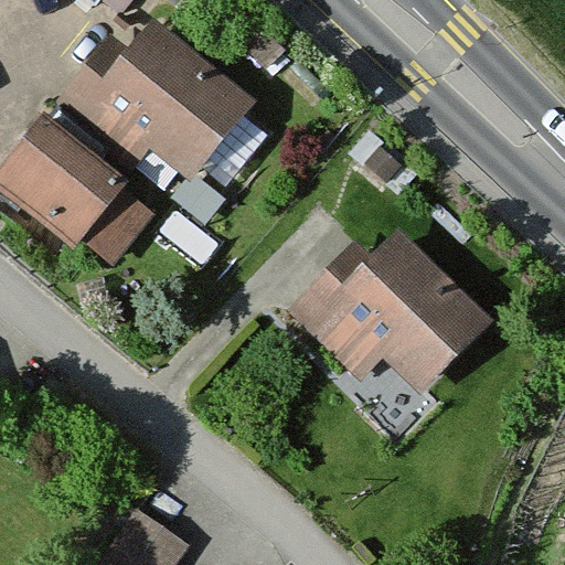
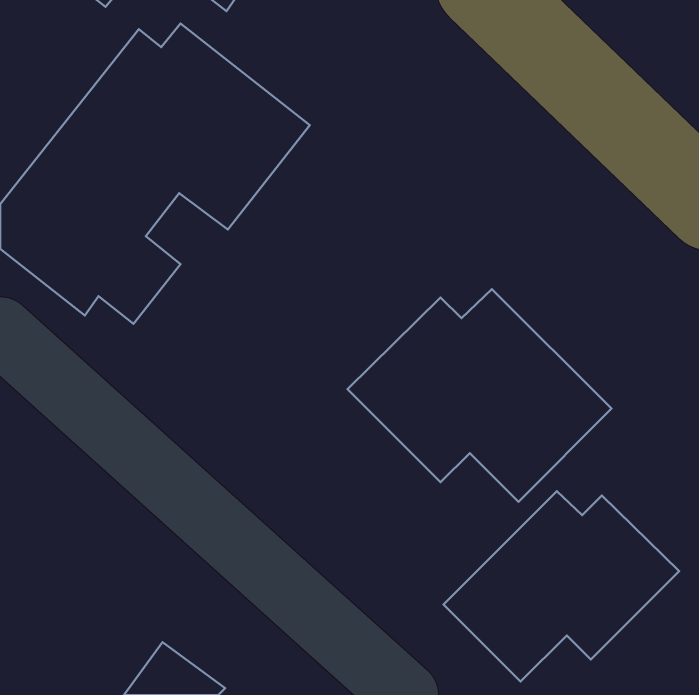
building: none -> [444,491,679,681]

